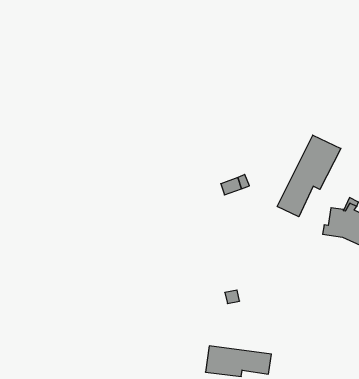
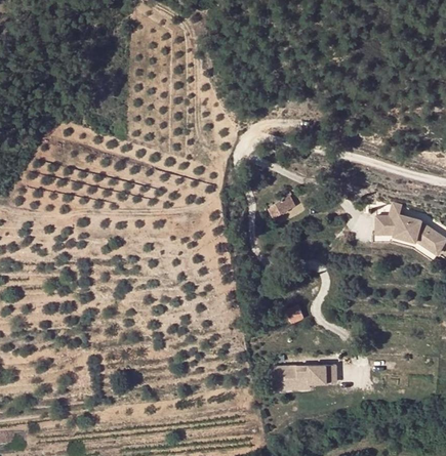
building: [277,135,341,217] -> none

